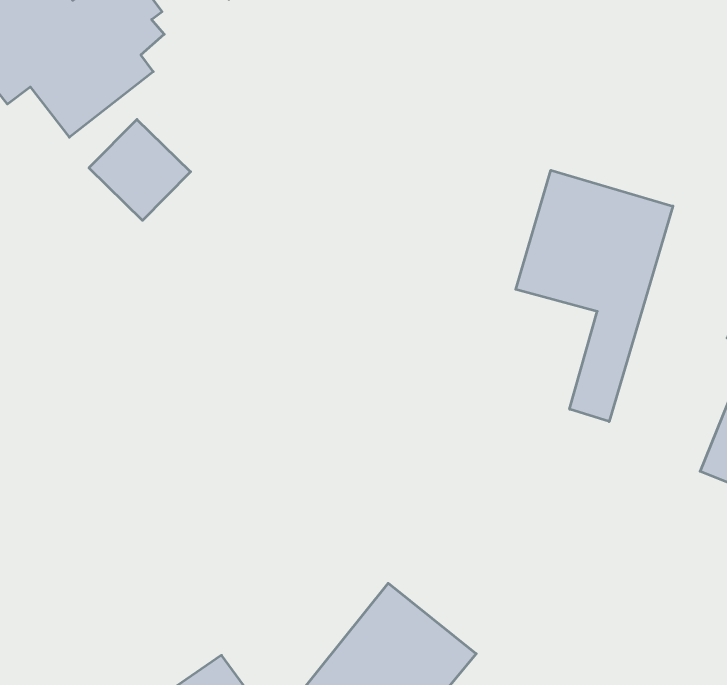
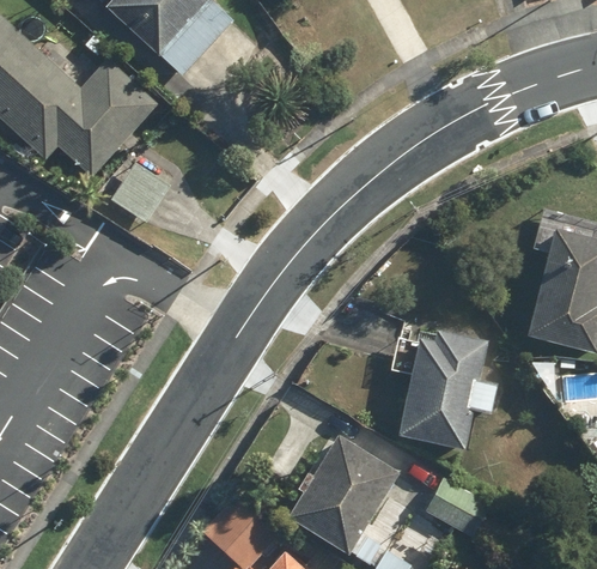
building: [516,170,673,422] -> none
building: none -> [391,328,494,446]

